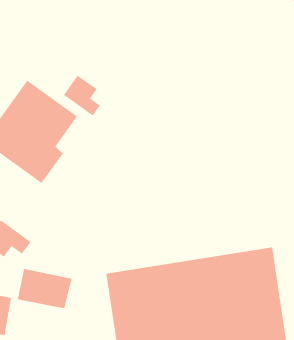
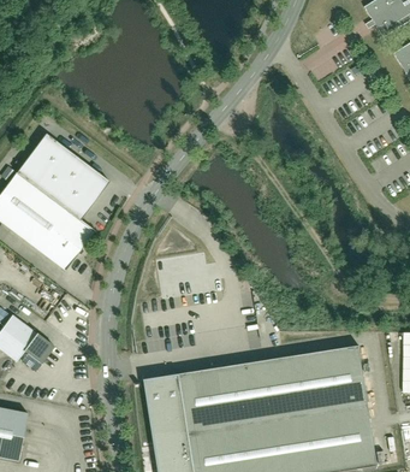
building: [63,75,101,117] -> none
building: [17,268,72,309] -> none

